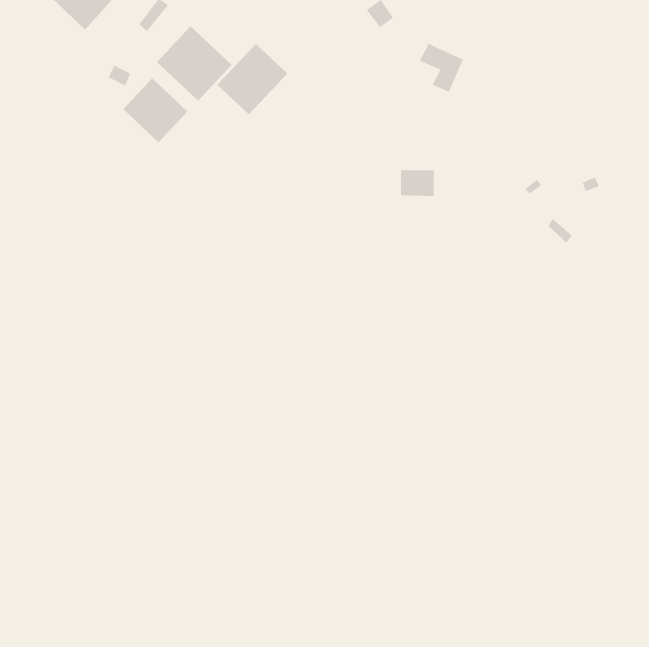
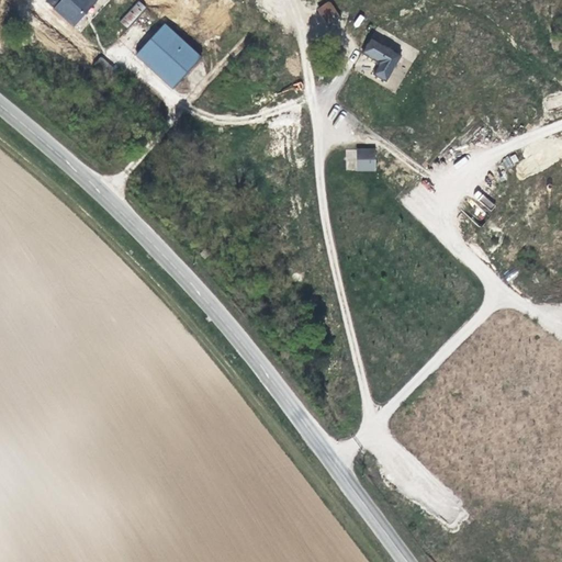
building: [216,43,288,115] -> none
building: [122,78,188,143] -> none

